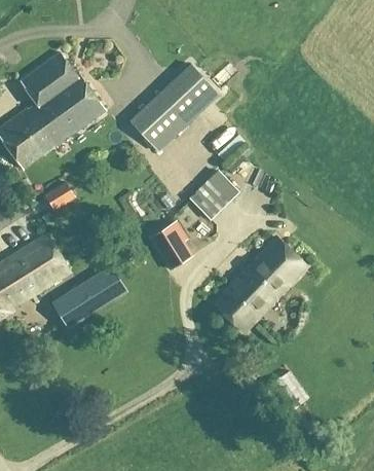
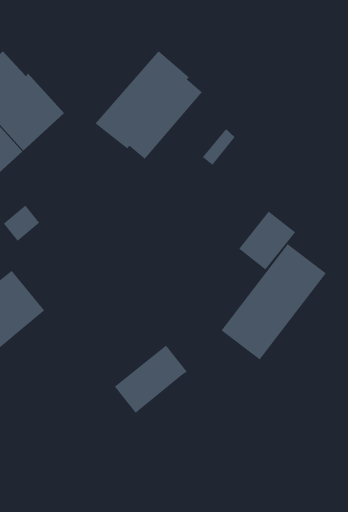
building: [189,170,238,219] -> [238,210,296,271]
building: [149,220,193,270] -> none
building: [64,266,126,321] -> [114,344,188,414]

